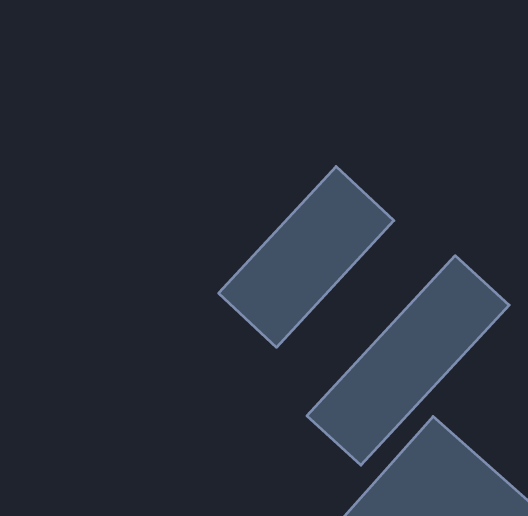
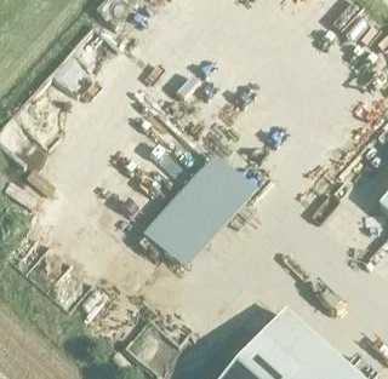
building: [307,256,509,465] -> none

